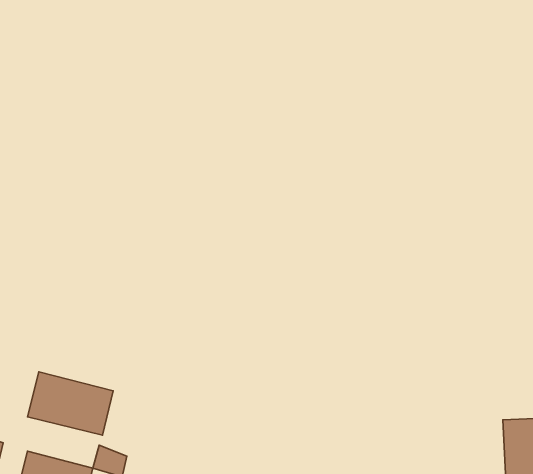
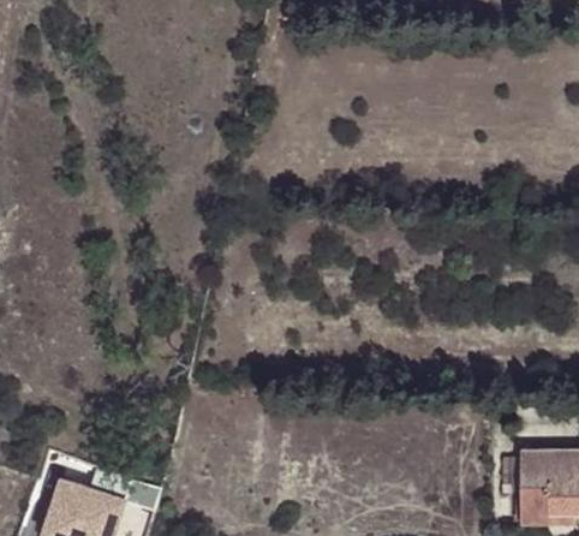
building: [28,372,113,435] -> none

